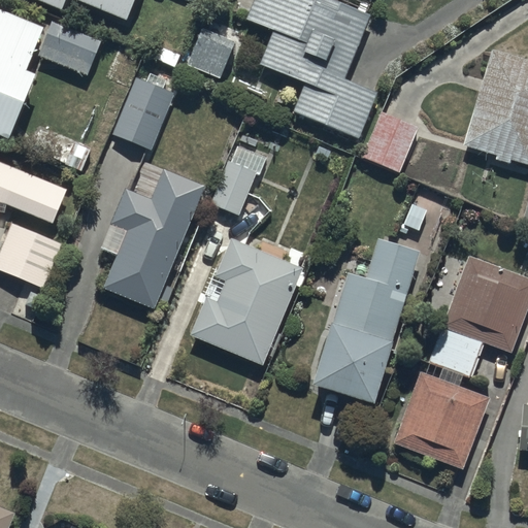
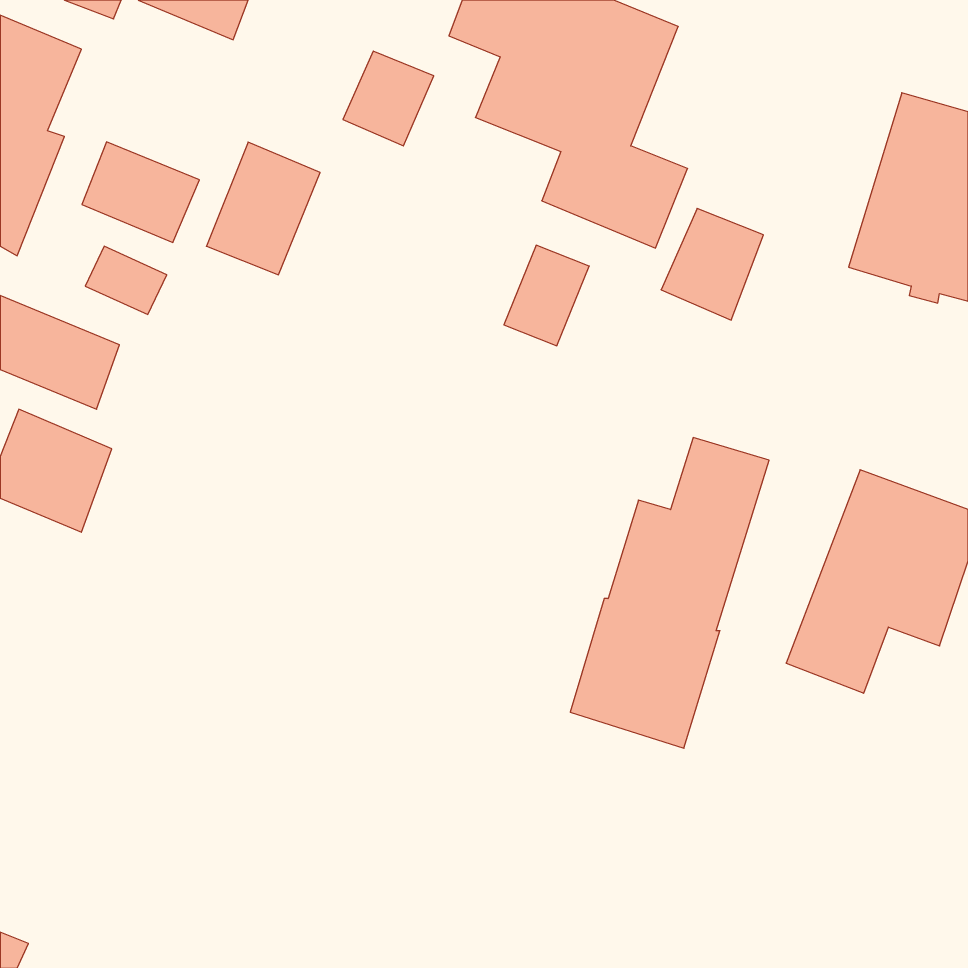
building: [37,22,101,76] -> [82,142,199,242]
building: [211,161,258,216] -> [504,245,589,346]
building: [101,169,203,308] -> none
building: [191,238,303,365] -> none
building: [393,371,492,469] -> none

